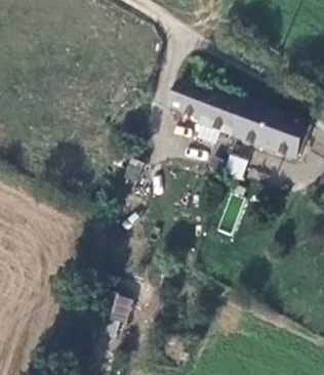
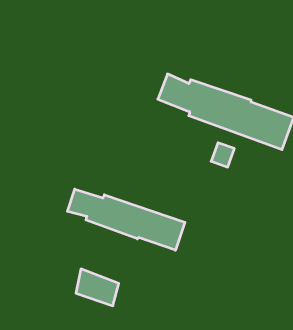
building: none -> [67,189,185,250]

